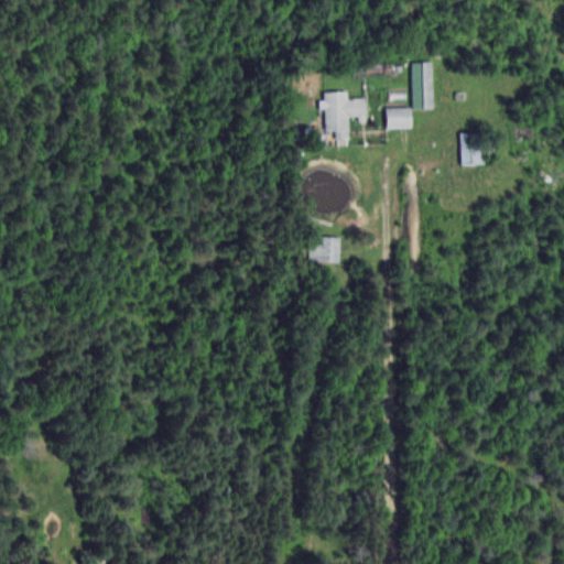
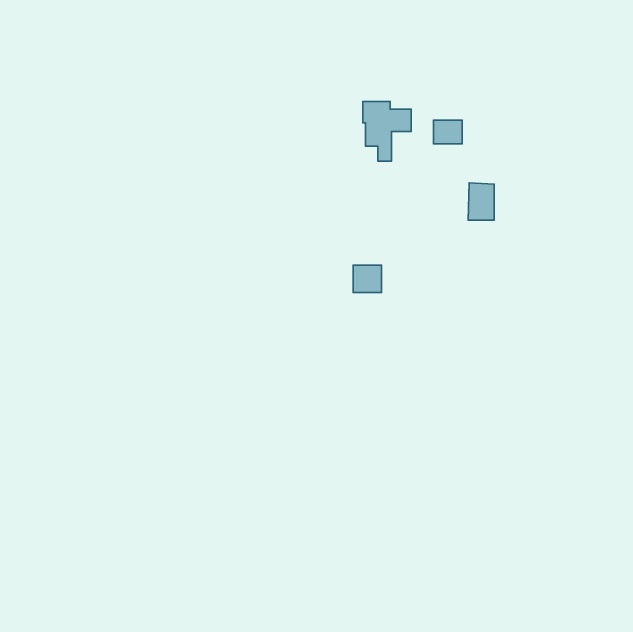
building: [412,63,433,109] -> none
building: [459,133,482,166] -> [468,183,494,220]

